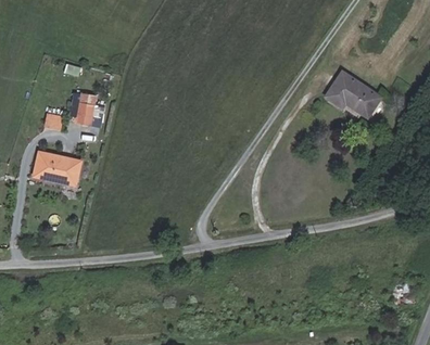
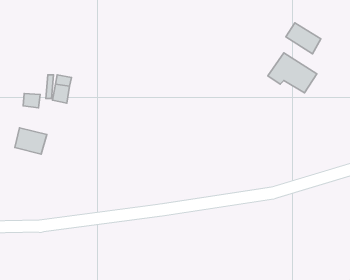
building: none -> [286,23,321,54]

